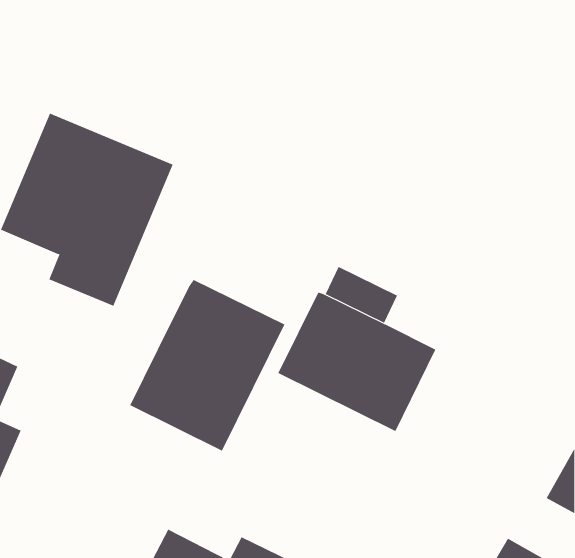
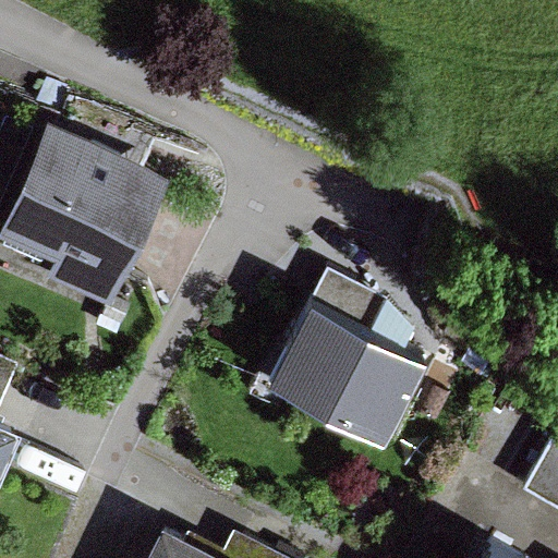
building: [130,279,285,452] -> none

